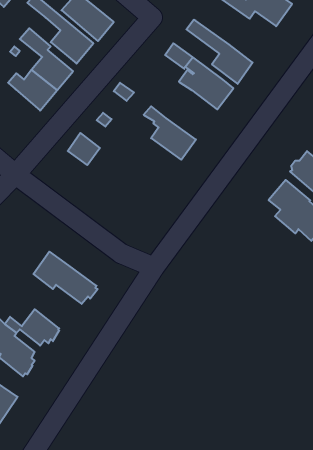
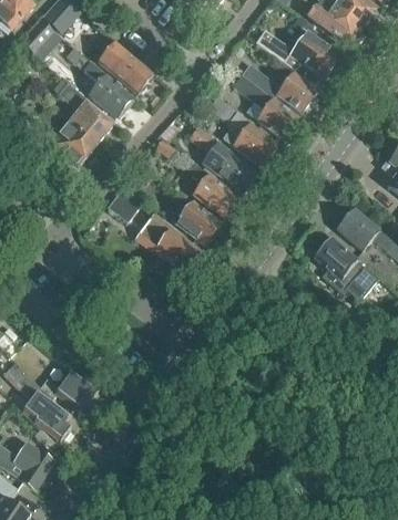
building: none -> [239,61,317,113]
building: none -> [191,127,257,193]
building: none -> [172,189,221,242]
building: [33,252,98,304] -> [134,215,201,269]

